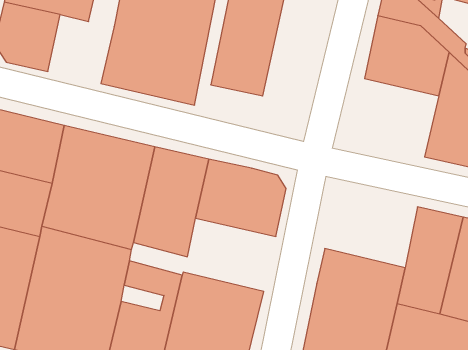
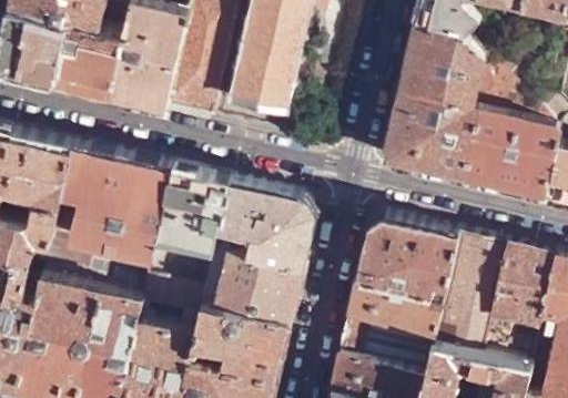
building: none -> [54,27,126,102]
building: none -> [386,96,480,182]
building: none -> [356,218,457,303]
building: none -> [202,248,303,328]

